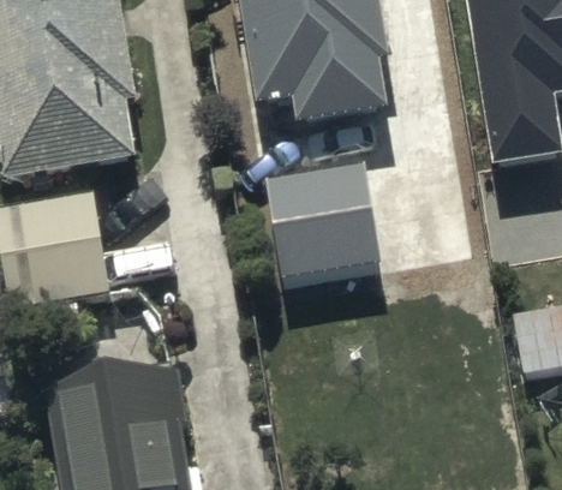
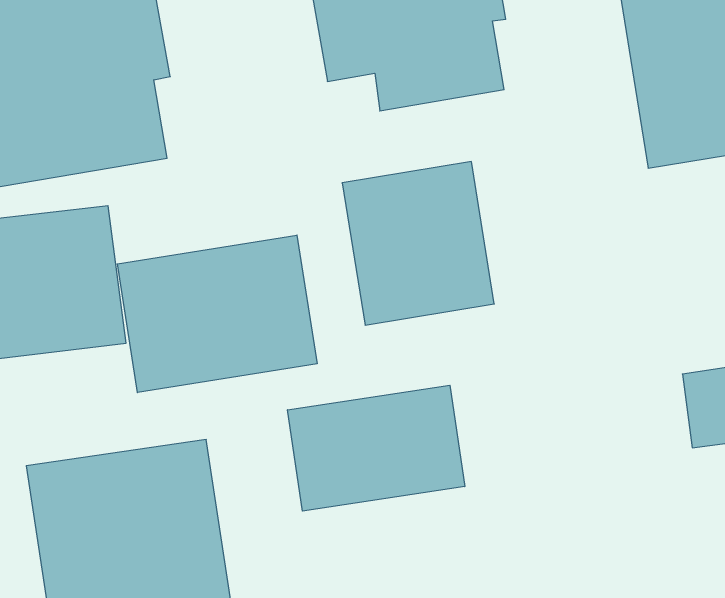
building: none -> [117,235,317,393]
building: none -> [288,385,465,511]

